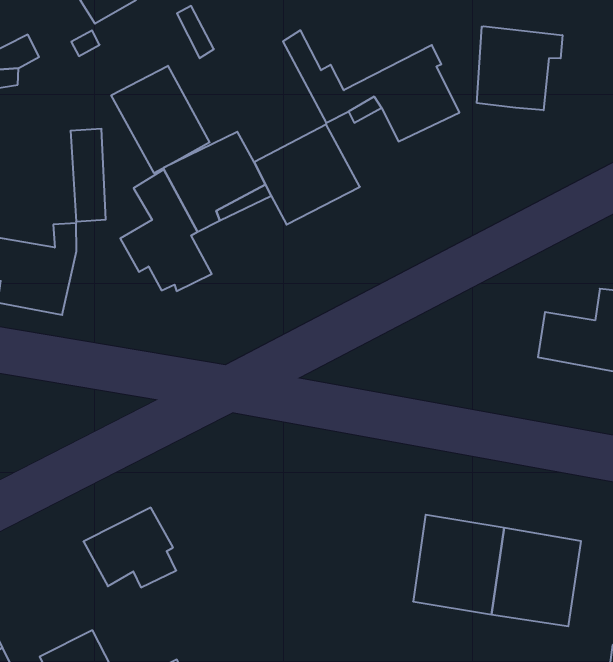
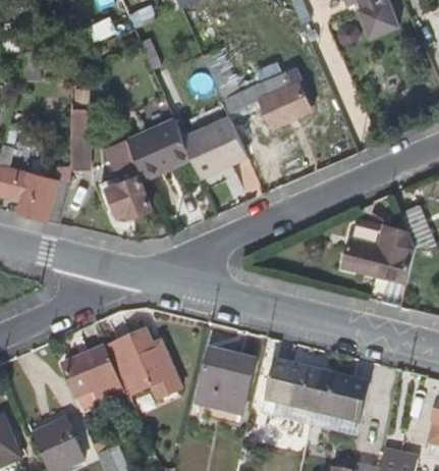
building: [477,26,562,110] -> none
building: [111,66,210,173] -> none
building: none -> [105,327,173,395]
building: none -> [199,349,253,412]

